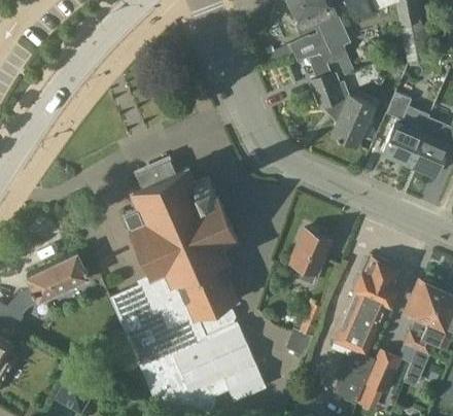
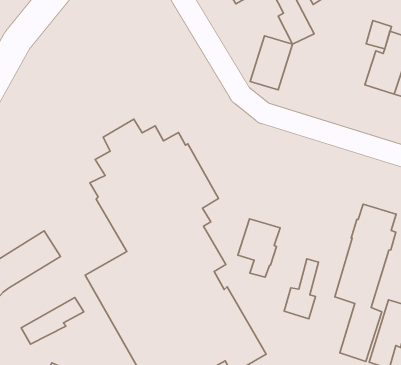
building: [332,95,374,145] -> [250,36,292,90]
building: [290,230,332,284] -> [238,219,280,277]
building: none -> [21,297,84,344]

